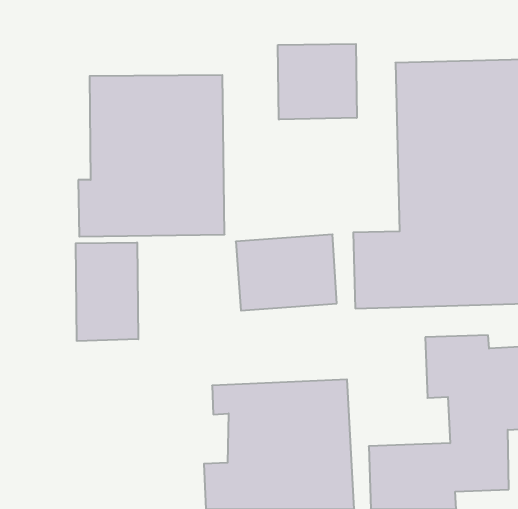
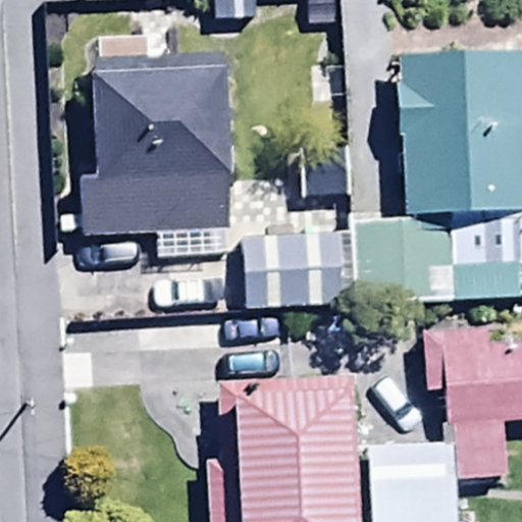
building: [278,44,357,120] -> none
building: [76,242,138,341] -> none

